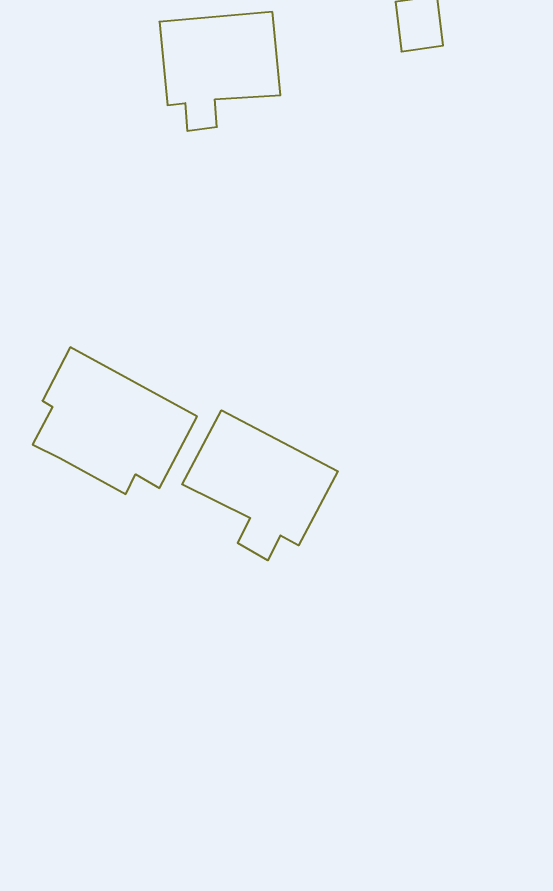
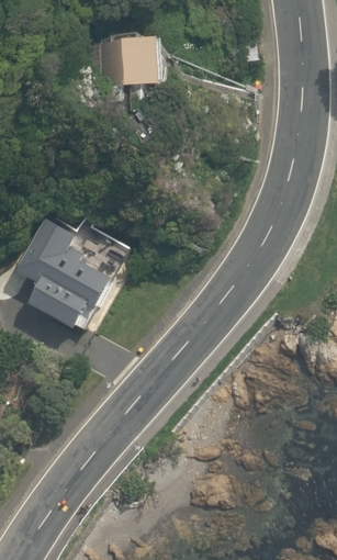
building: [182,410,338,560] -> none

